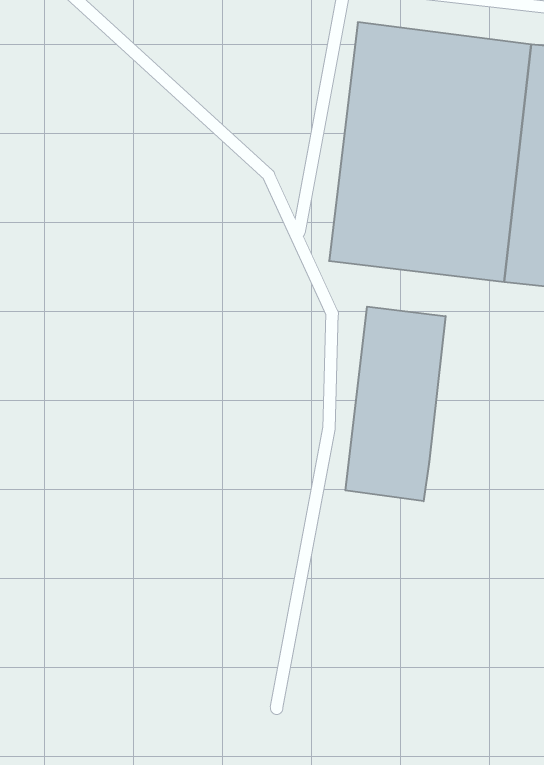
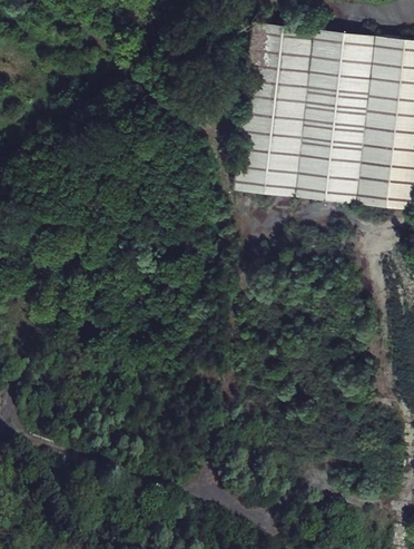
building: [345,307,446,501] -> none

